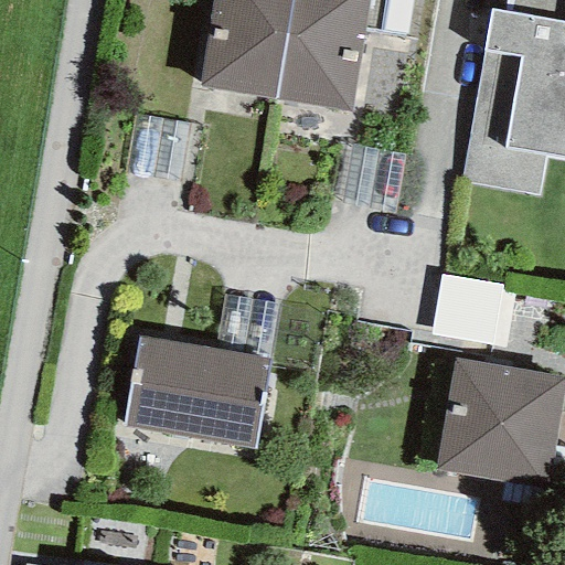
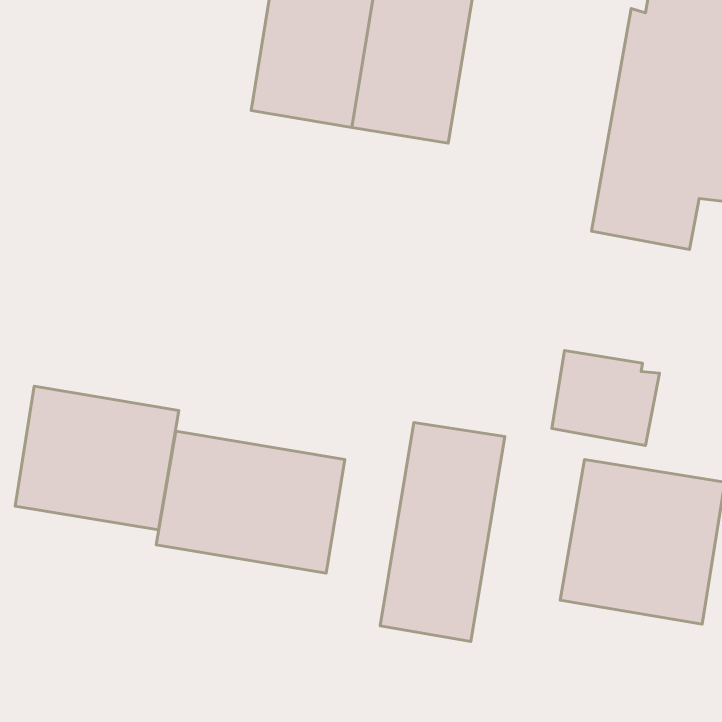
building: none -> [15,386,179,530]
building: none -> [380,423,505,642]

